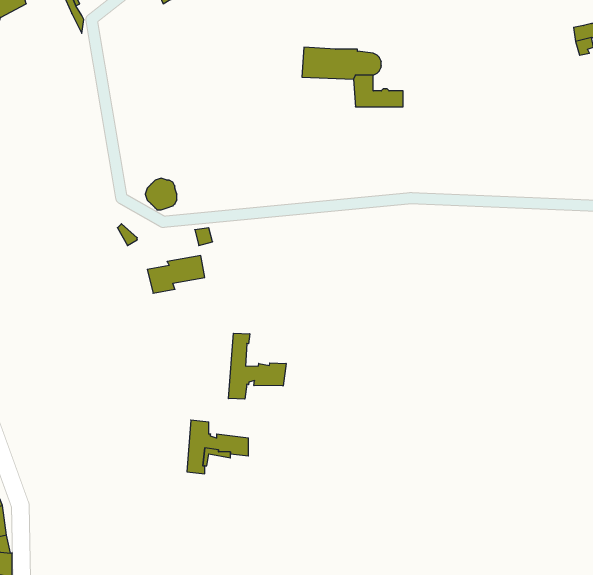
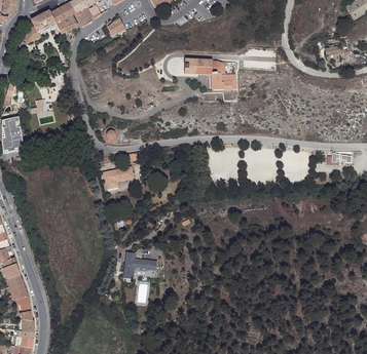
building: [228,333,286,399] -> none

